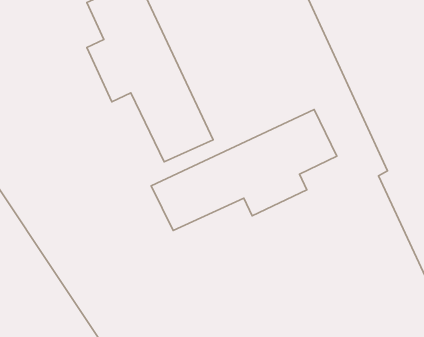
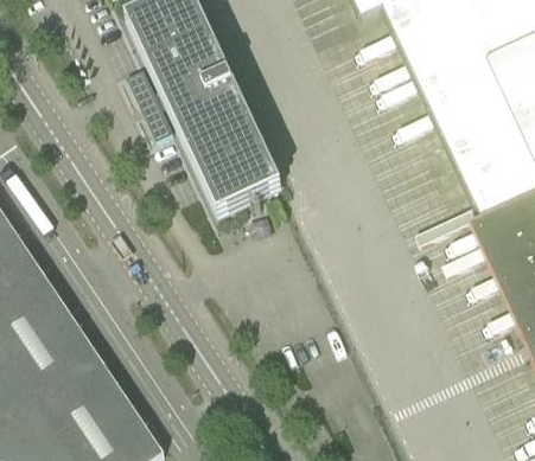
building: [151,110,337,231] -> none

